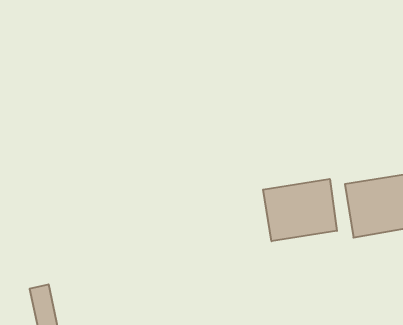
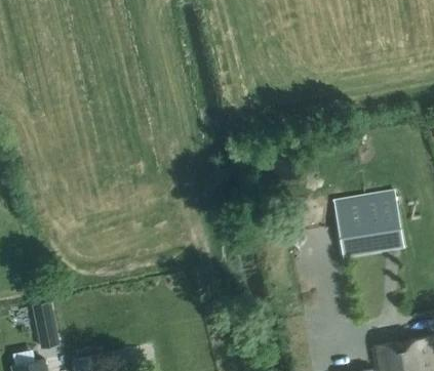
building: [263,179,337,241] -> none

